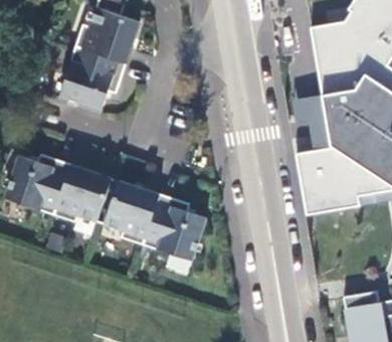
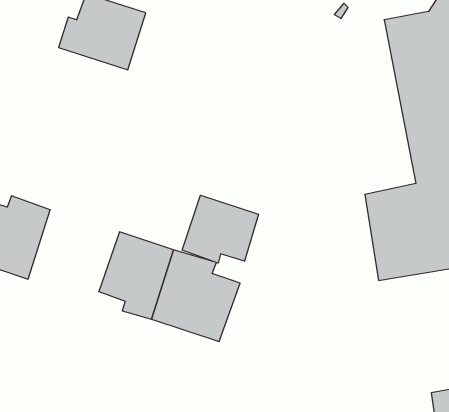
building: [59,46,125,110] -> none
building: none -> [182,195,258,263]
building: [52,164,110,222] -> none

